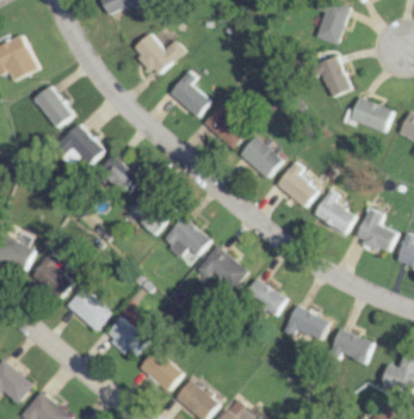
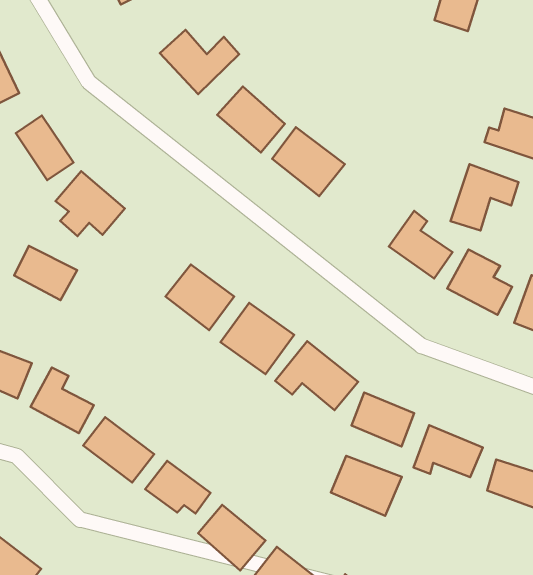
building: [315,55,350,97] -> none
building: none -> [451,164,519,230]
building: [239,135,282,178] -> none
building: [97,156,138,193] -> [14,246,77,300]
building: none -> [331,456,402,516]

